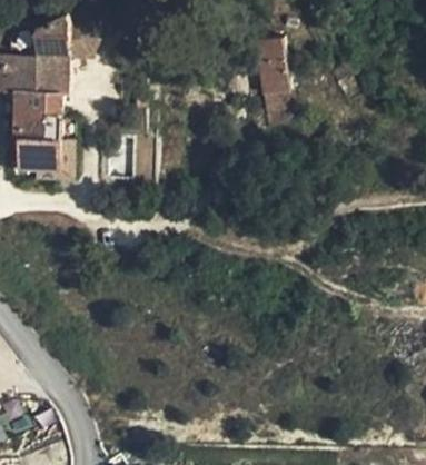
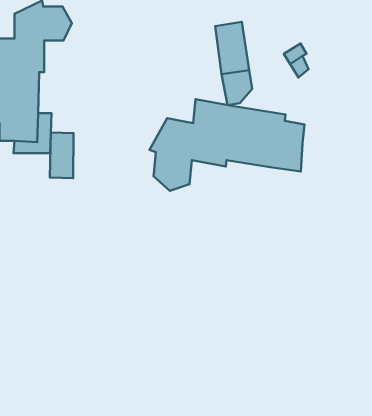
building: none -> [149,99,304,191]
building: none -> [50,133,74,178]

